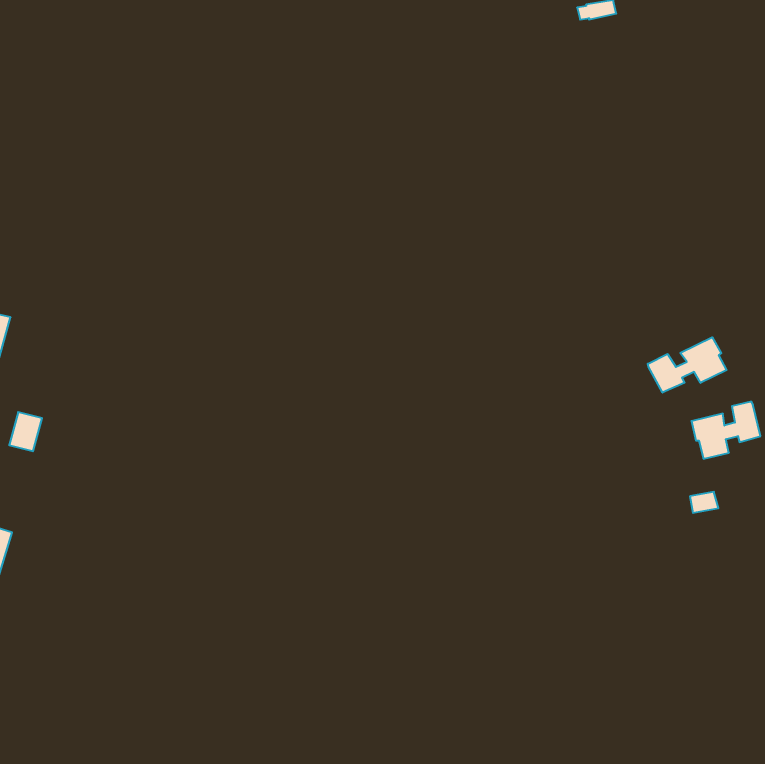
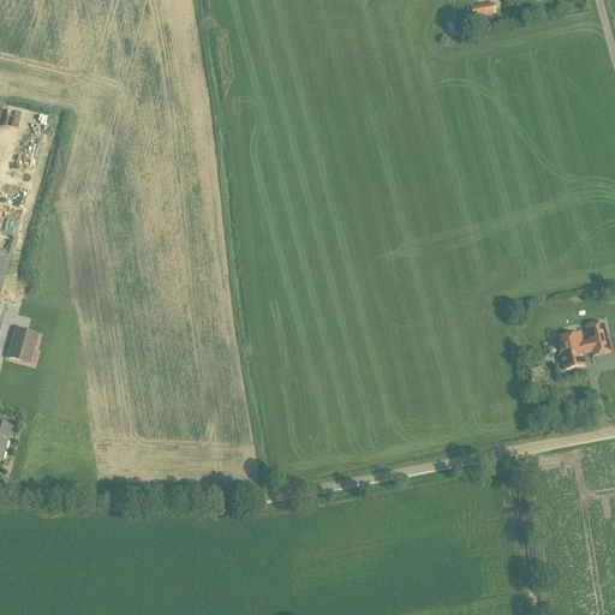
building: [648,337,727,393] -> none

